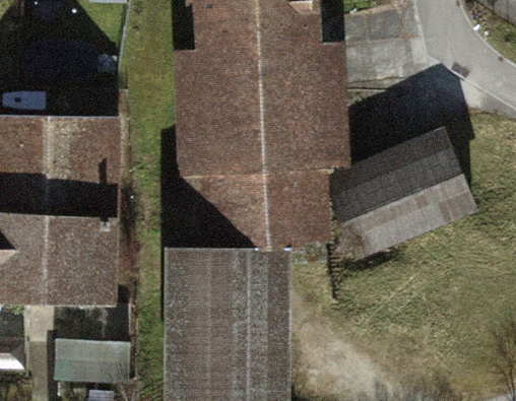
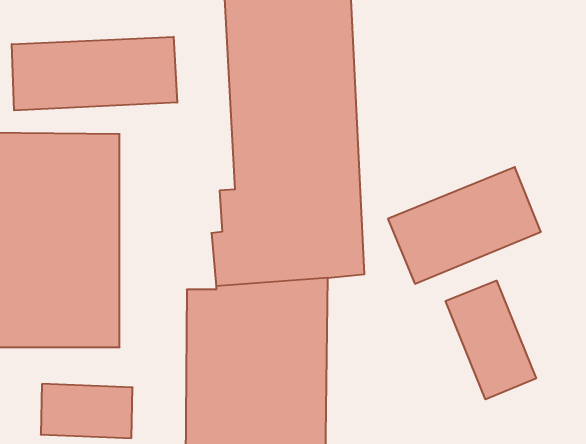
building: none -> [12,37,177,110]
building: none -> [446,281,536,399]

